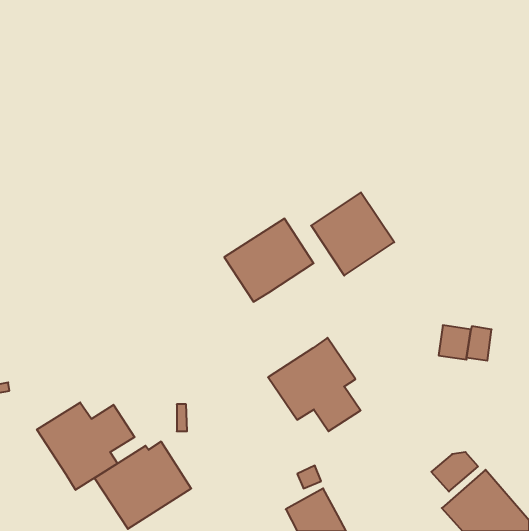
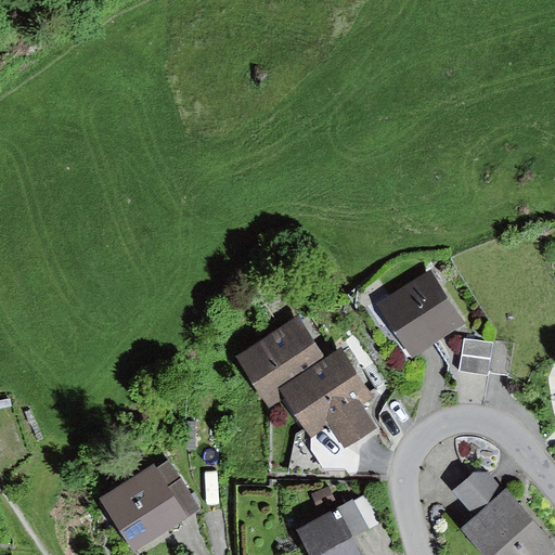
building: [311,192,394,276] -> [377,271,464,358]
building: [224,219,314,302] -> [233,317,326,403]
building: [37,402,135,490] -> none
building: none -> [336,493,383,538]

